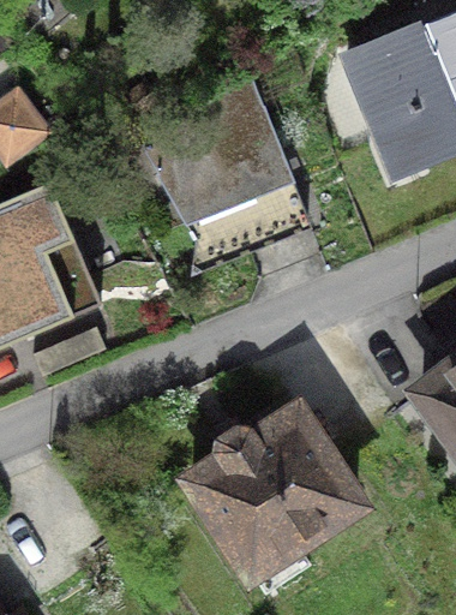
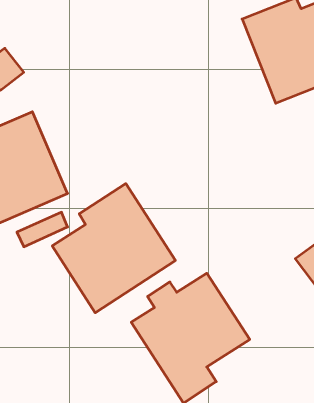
building: [138,73,306,257] -> none
building: none -> [52,184,175,313]

